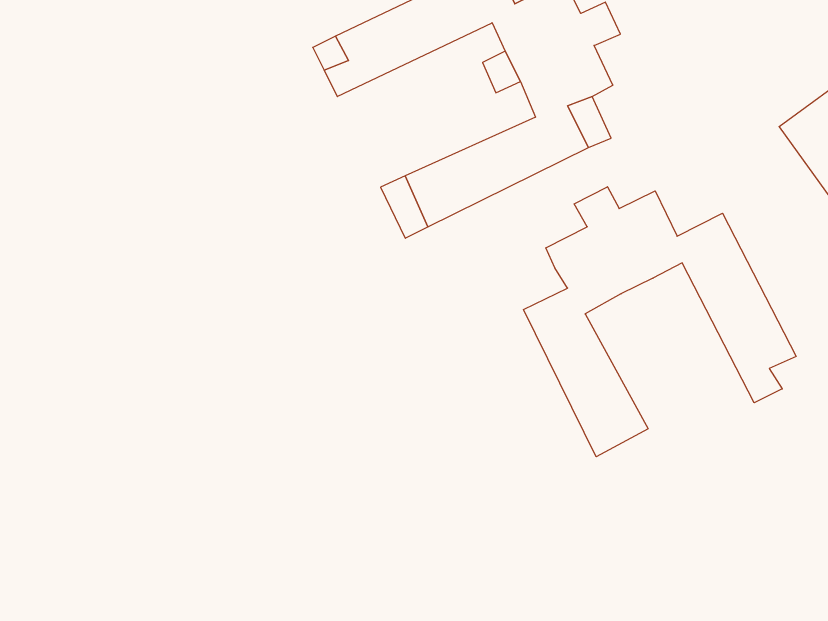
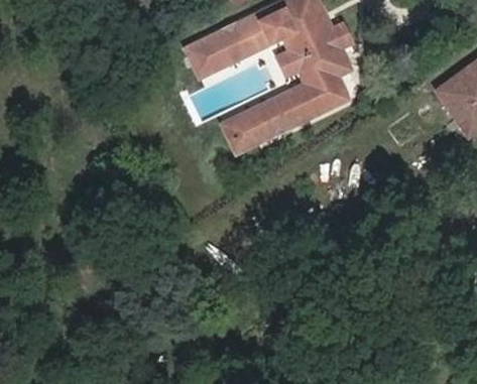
building: [524,187,796,457] -> none

